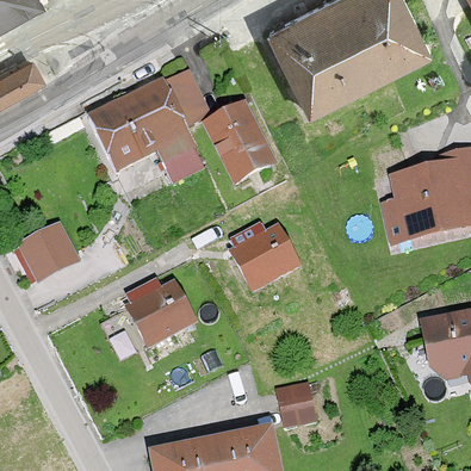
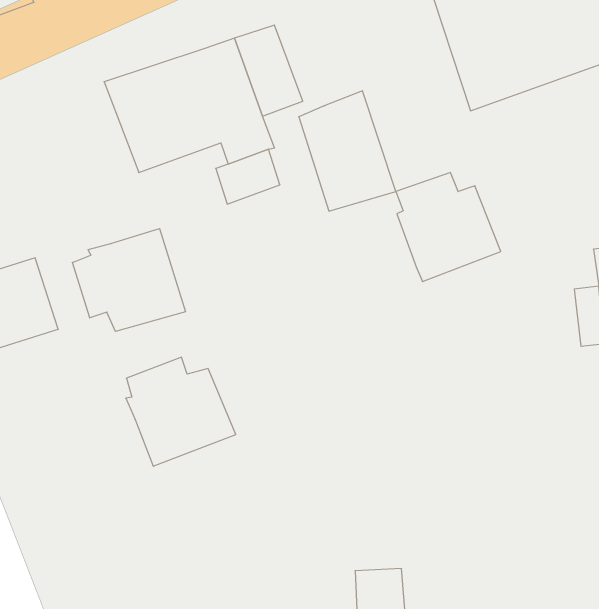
building: none -> [72,229,186,331]
building: [230,222,297,289] -> [396,173,501,282]

